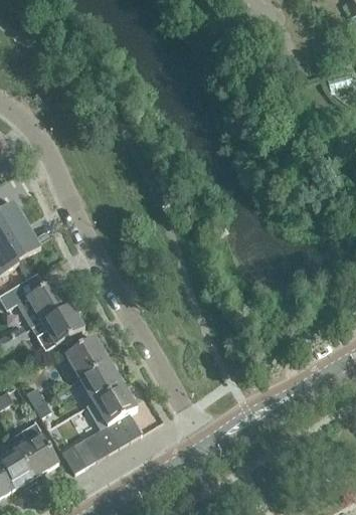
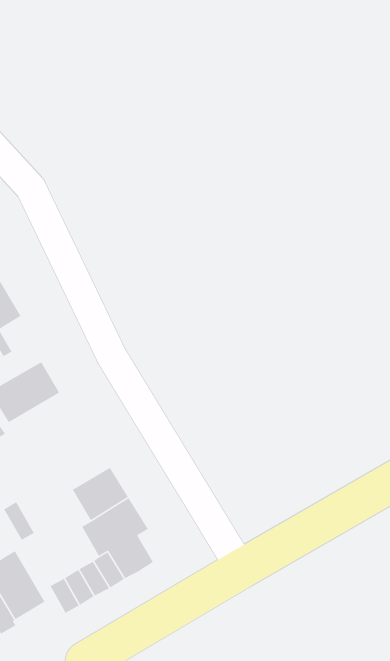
building: [30,303,83,350] -> none
building: [64,335,108,376] -> none

